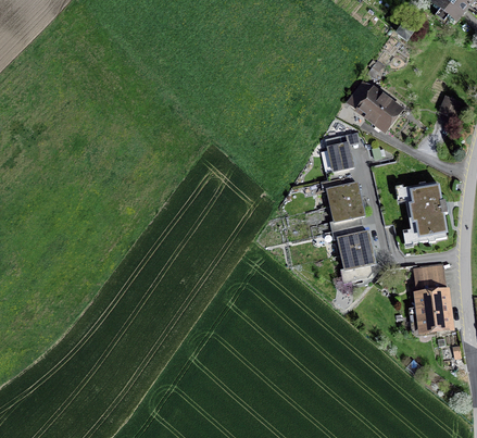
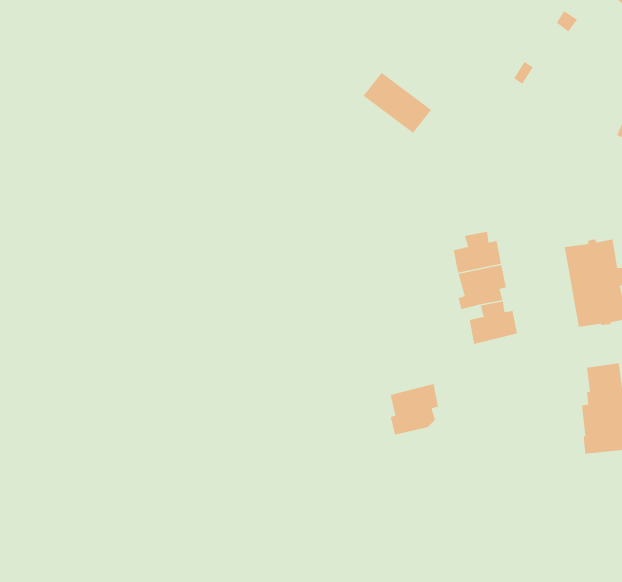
building: [351,84,399,126] -> [362,72,432,134]
building: [327,141,353,179] -> none
building: [341,246,375,281] -> [390,383,439,436]

